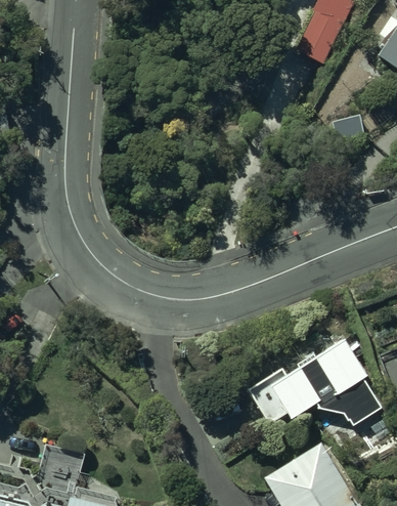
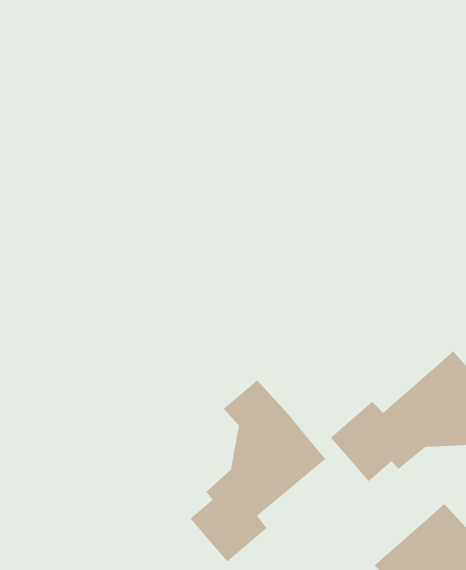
building: none -> [190,379,326,562]

